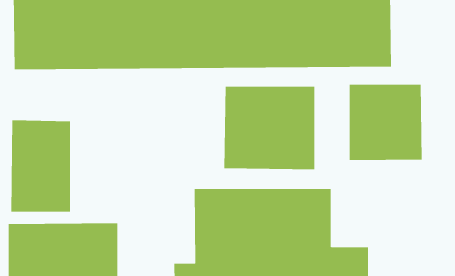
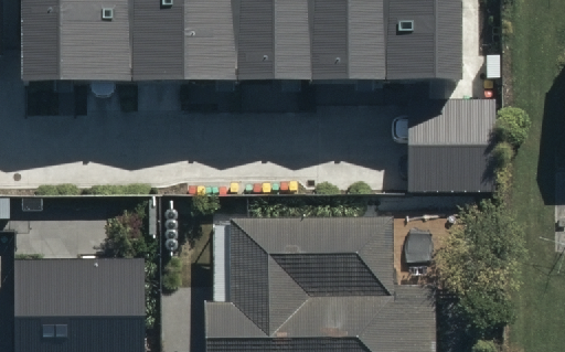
building: [224,86,315,170] -> none
building: [11,120,71,212] -> none

